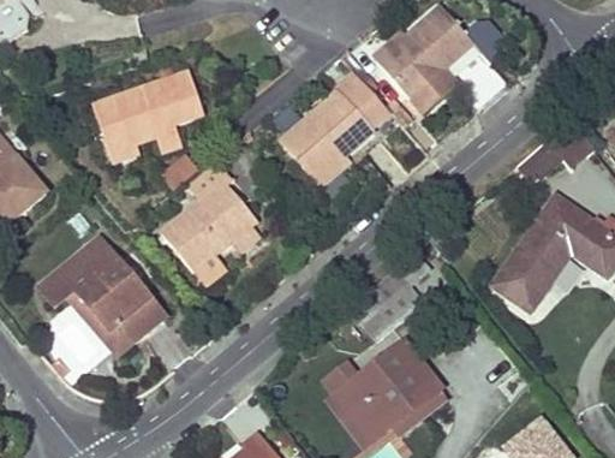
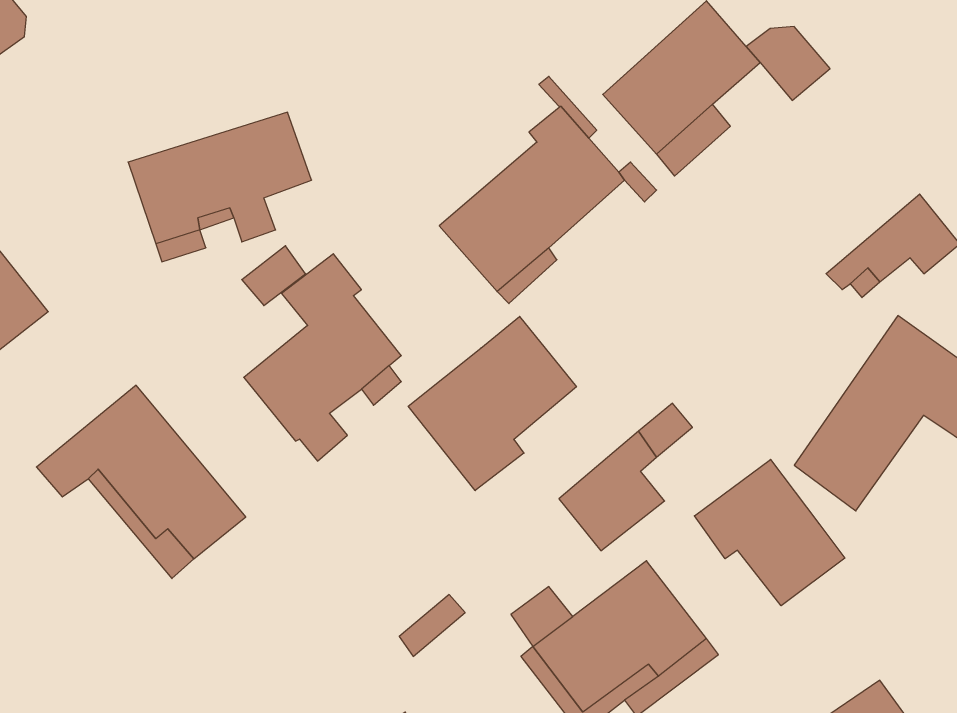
building: none -> [408,316,576,491]
building: none -> [694,459,845,606]

